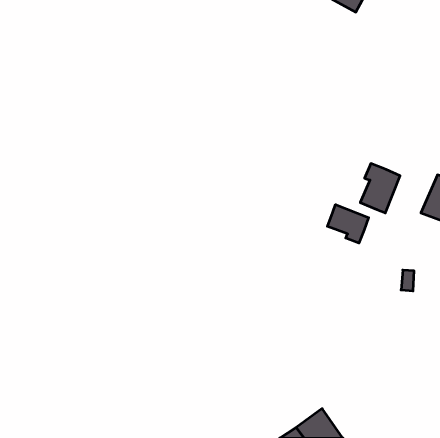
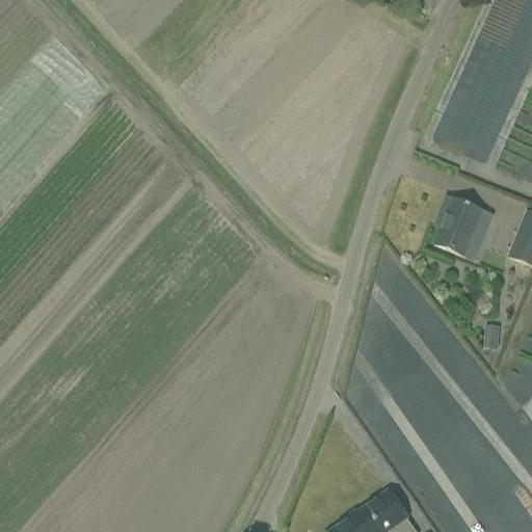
building: [327,205,369,243] -> none

